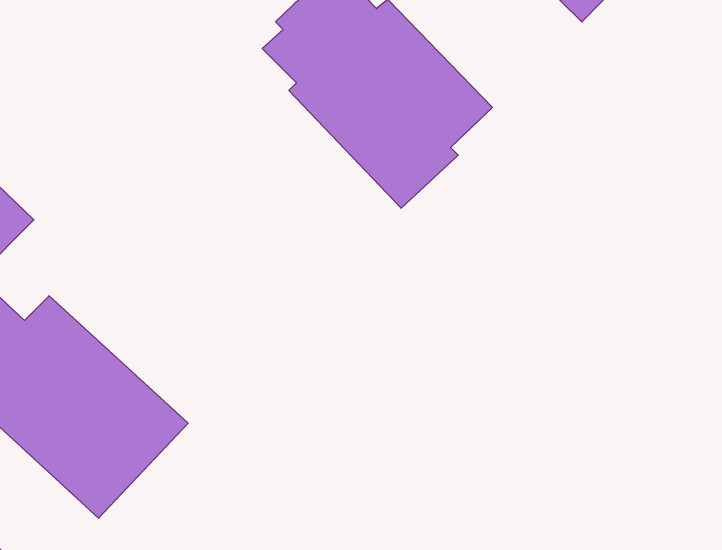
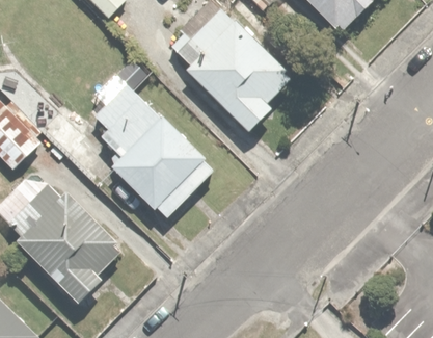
building: none -> [90,79,211,217]

